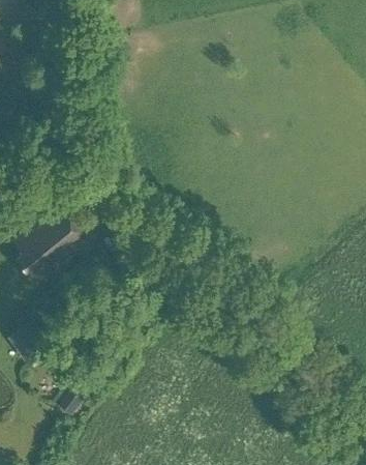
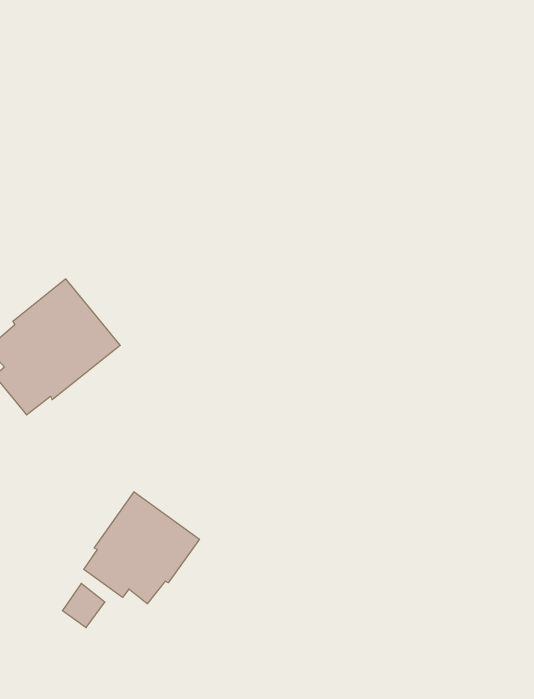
building: none -> [84,492,199,604]

